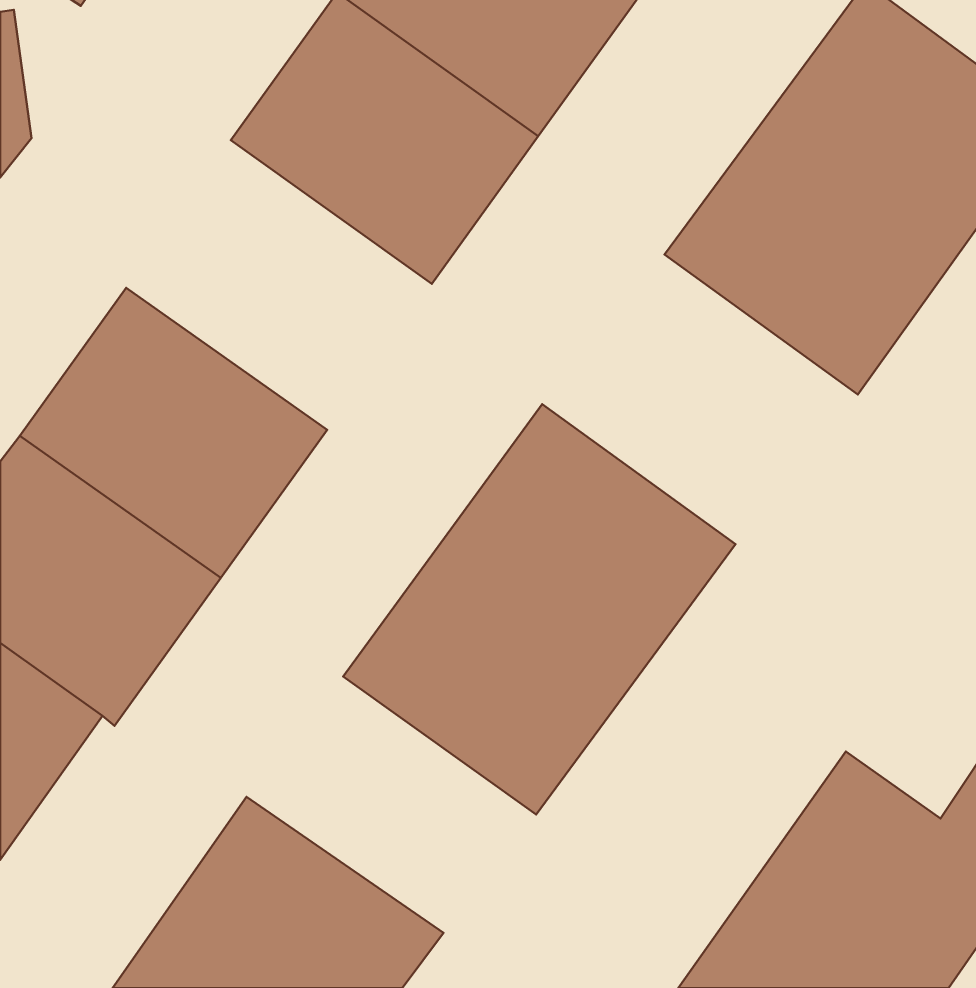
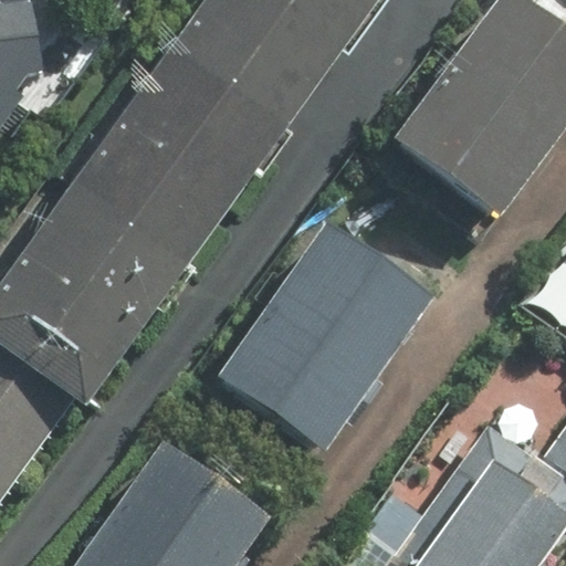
building: none -> [88,78,260,241]

